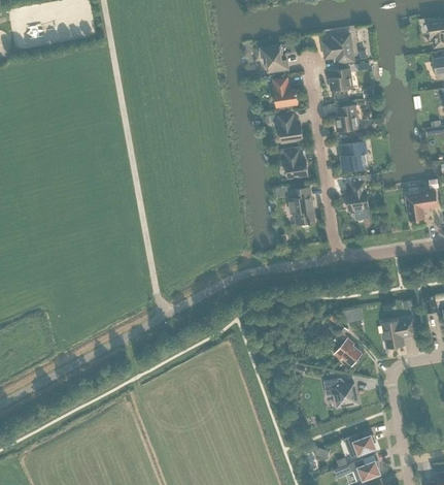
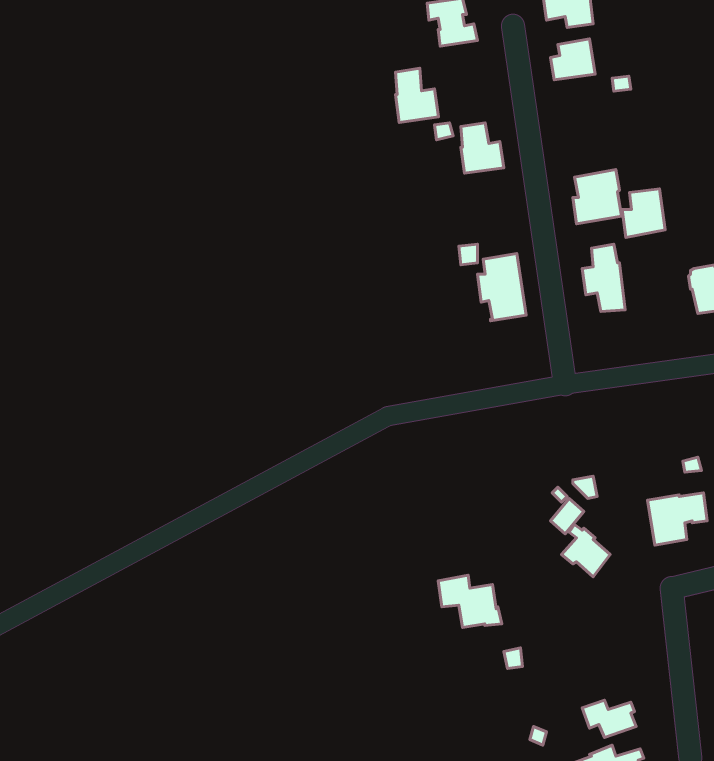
building: [273,77,297,107] -> [395,68,438,122]
building: [334,105,357,132] -> [622,189,665,237]
building: [284,151,307,179] -> none
building: [323,378,358,407] -> [438,575,502,628]

